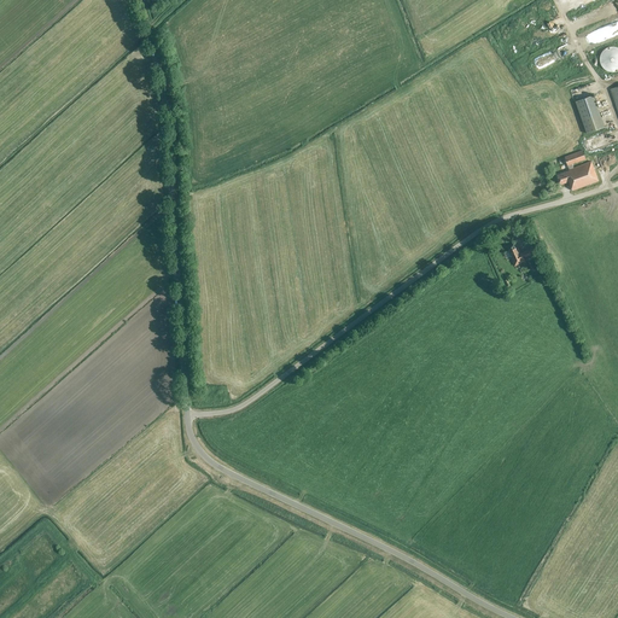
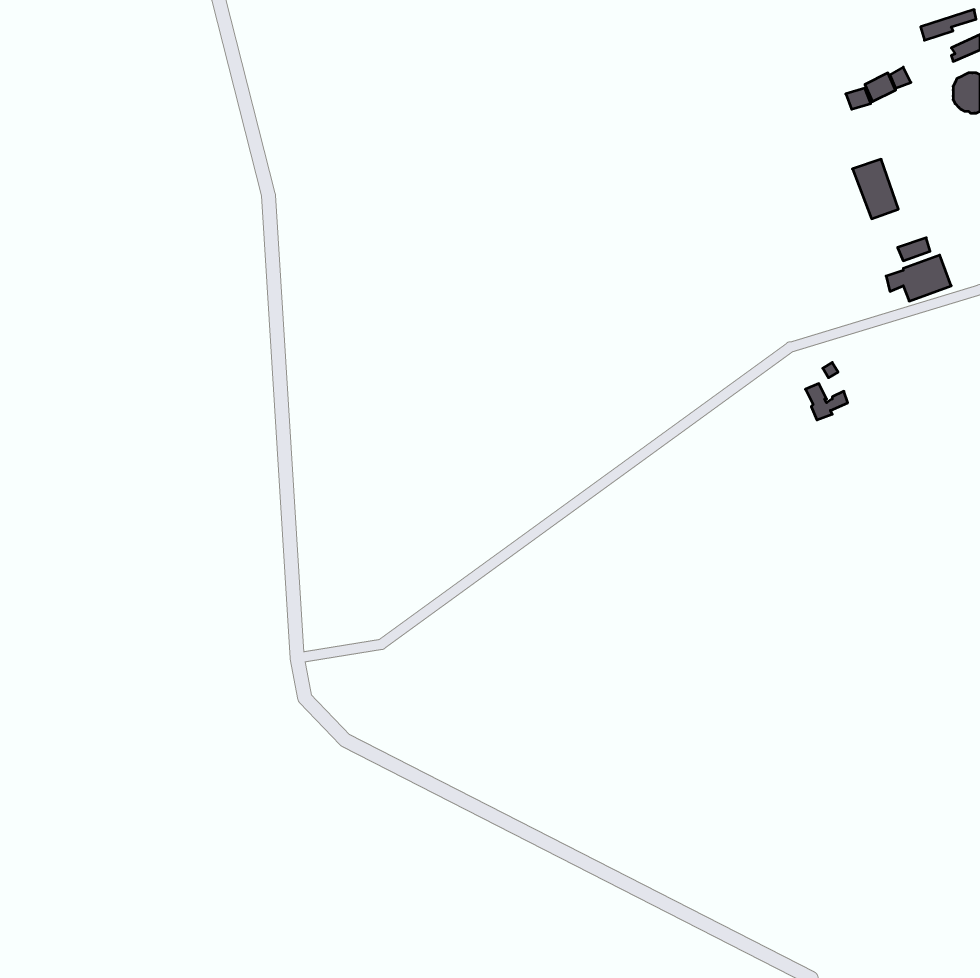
building: [576,94,605,132] -> [852,159,898,219]

